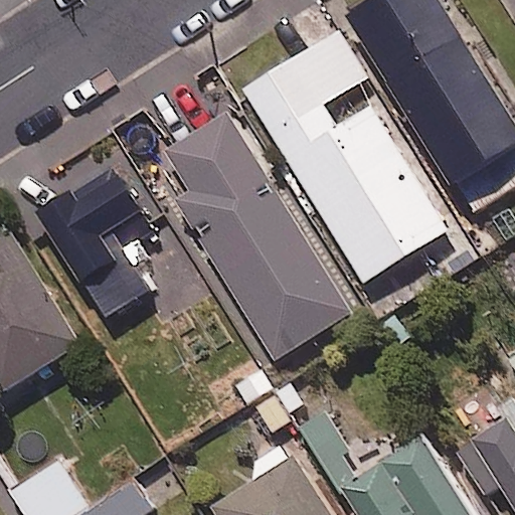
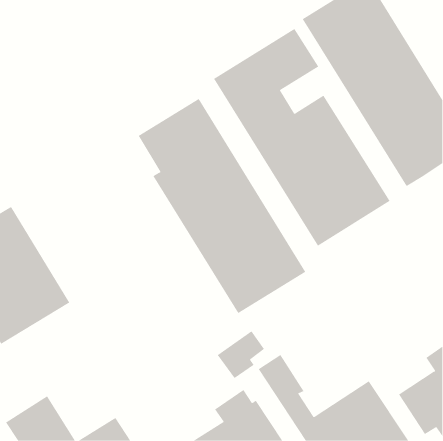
building: [37,166,158,319] -> none

